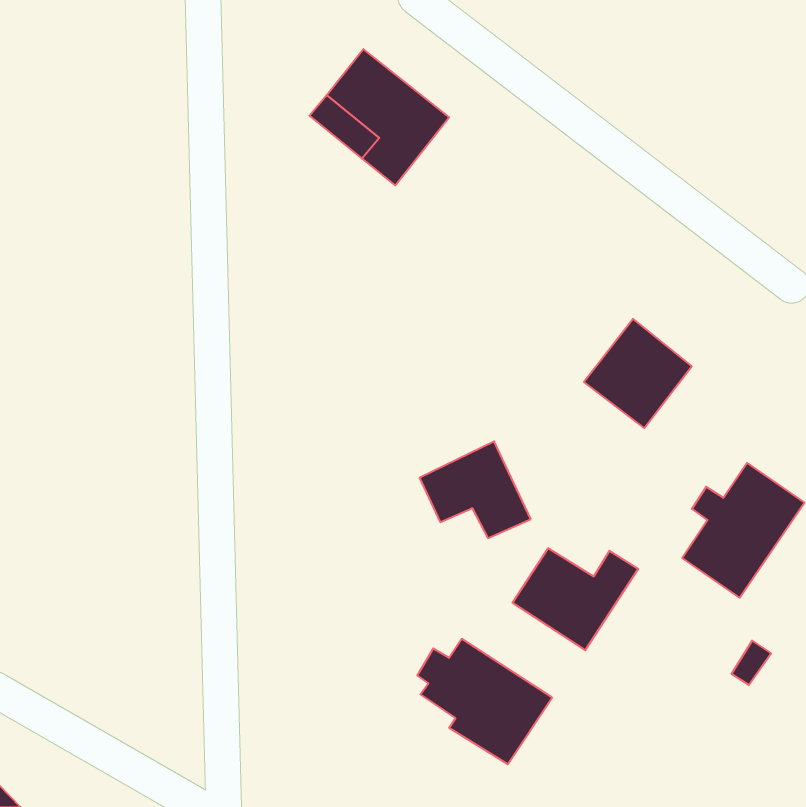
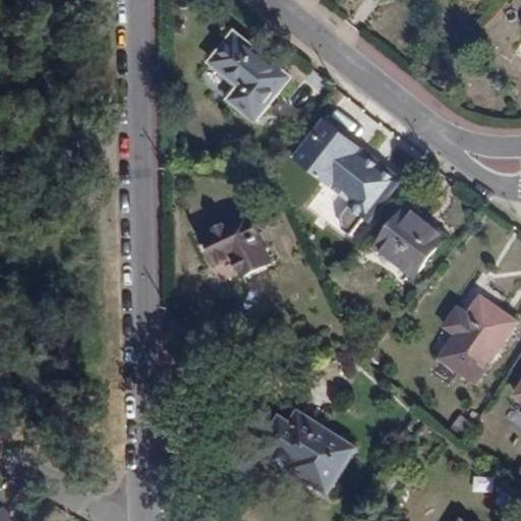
building: none -> [291,118,401,235]
building: [420,441,531,538] -> [198,212,270,274]
building: [513,548,638,650] -> none

